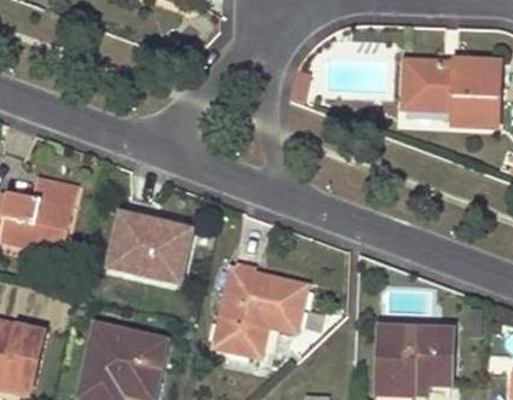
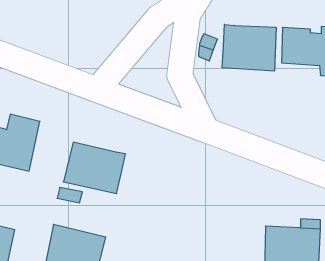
building: none -> [222,24,276,71]
building: [215,262,306,355] -> none

